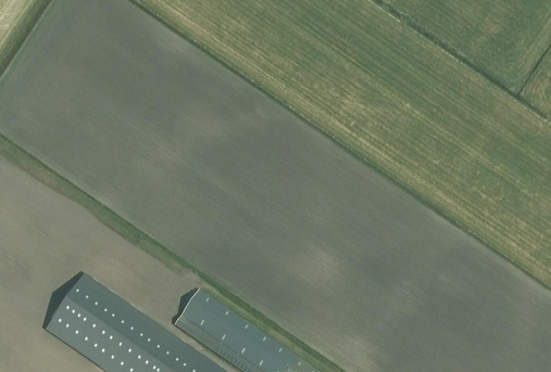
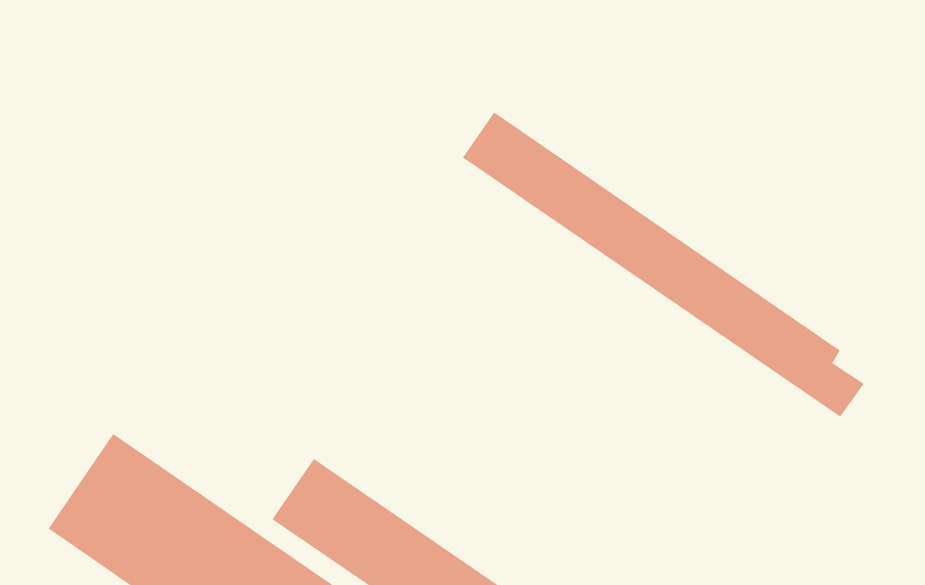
building: none -> [462,112,865,417]

